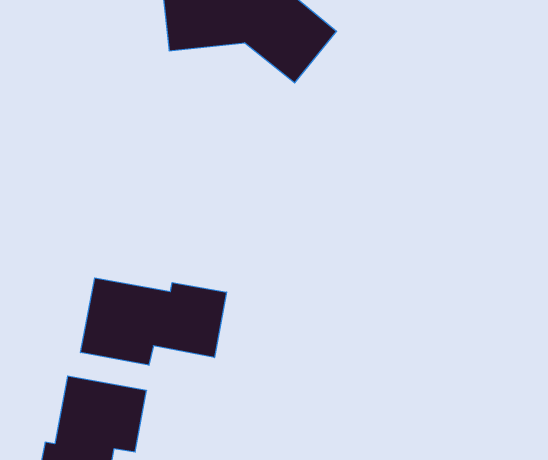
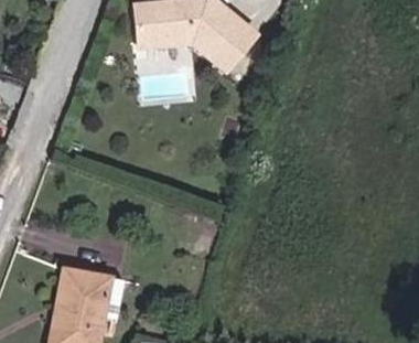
building: [81,278,227,365] -> none

